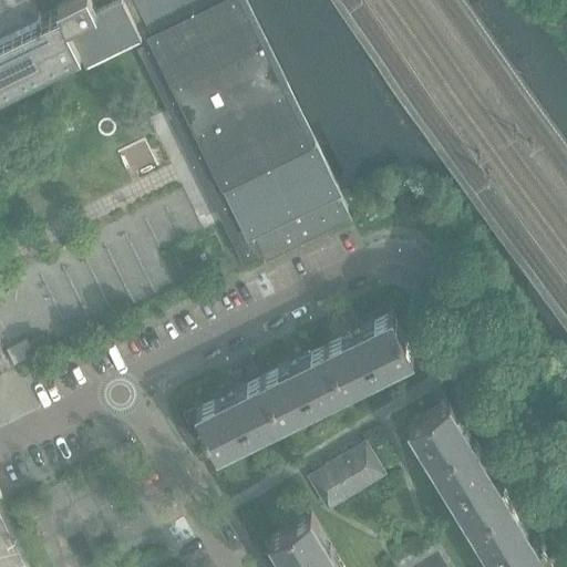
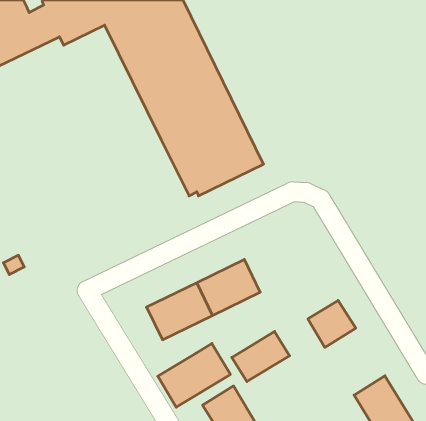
building: [323,319,411,395] -> none
building: [430,443,509,532] -> none
building: none -> [158,343,230,407]

